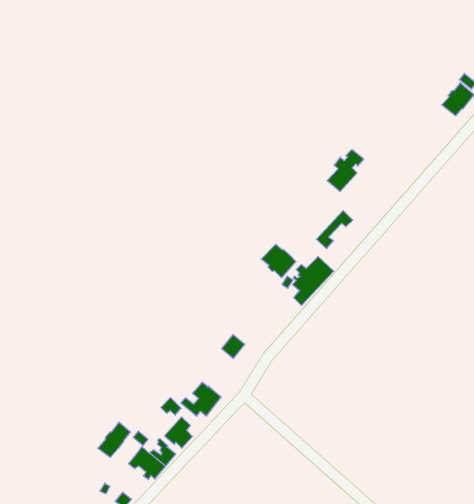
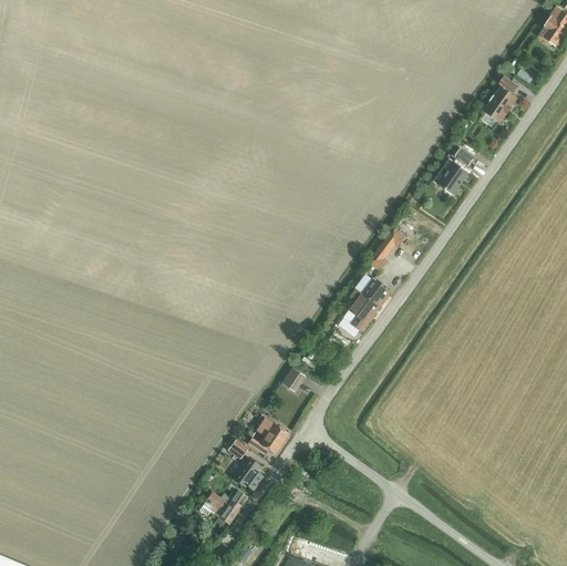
building: [327,150,364,192] -> [437,150,473,194]
building: [261,244,296,278] -> none
building: [98,422,130,458] -> none

